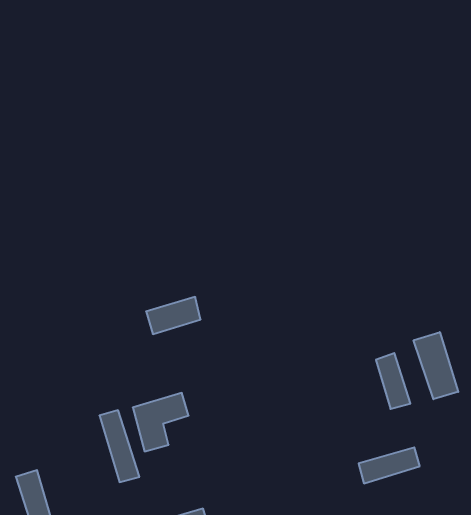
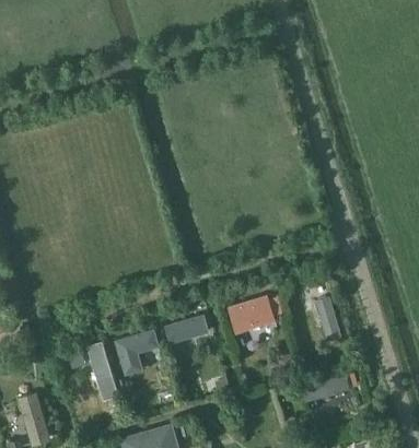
building: [146,297,201,334] -> [164,314,209,344]
building: [414,332,458,399] -> none
building: none -> [228,295,283,334]

